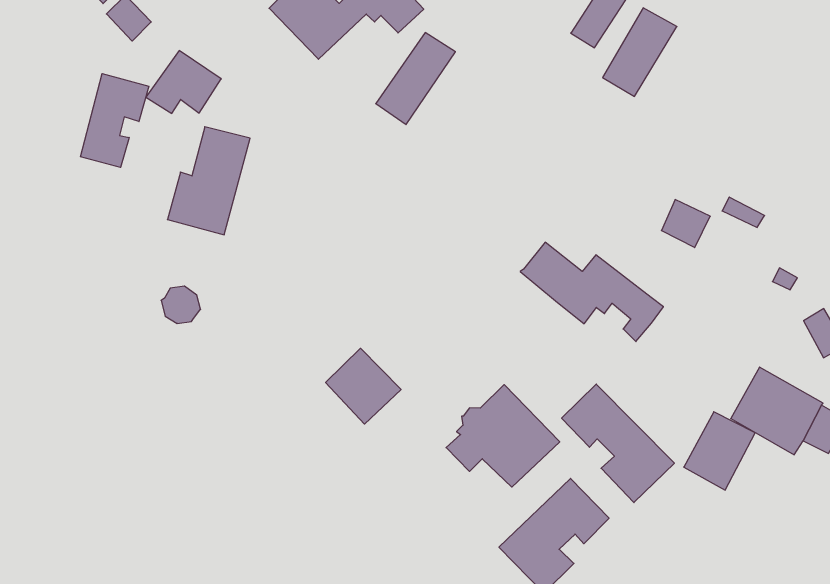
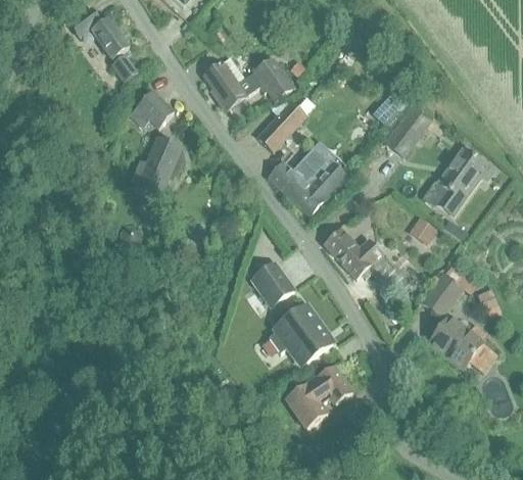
building: none -> [432,148,493,219]
building: [80,74,149,167] -> none
building: none -> [267,143,345,212]
building: [326,348,401,424] -> [251,262,293,305]
building: [562,384,674,503] -> none
building: [684,412,755,490] -> [421,273,464,318]

